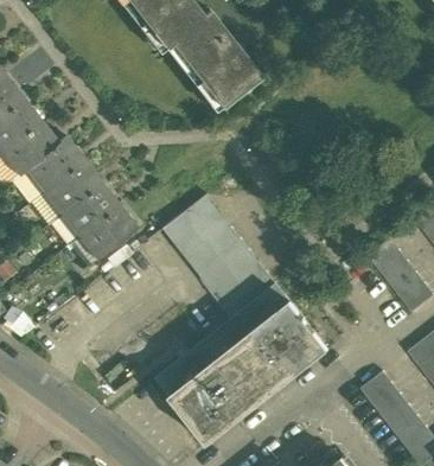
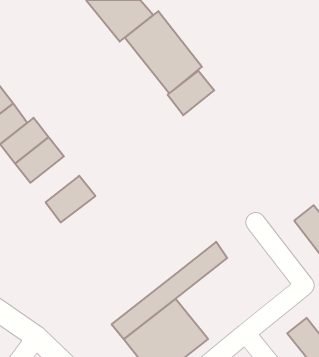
building: none -> [168,71,214,115]
building: [60,184,117,237] -> none
building: [159,193,277,320] -> none
building: [230,302,328,397] -> none

